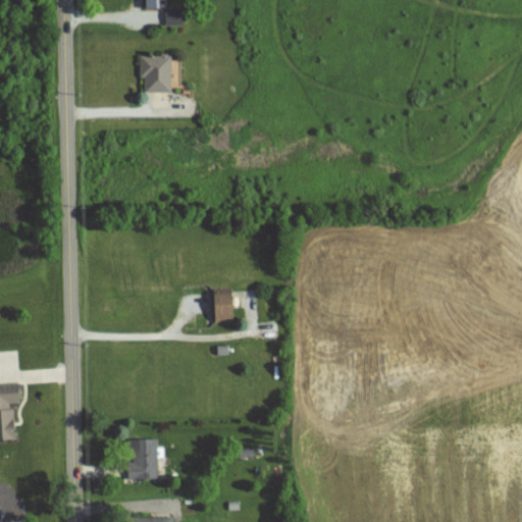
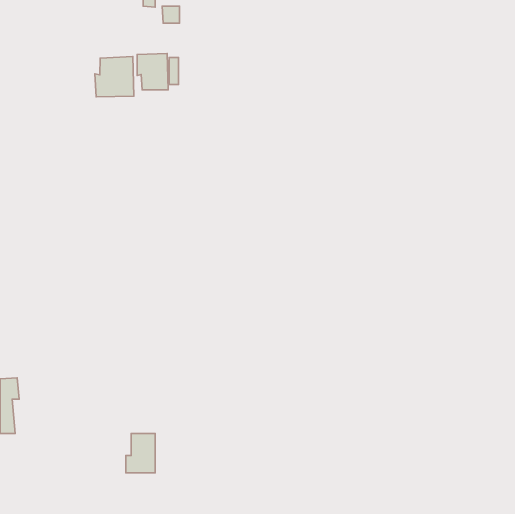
building: none -> [95,57,134,97]
building: [212,292,232,322] -> none

